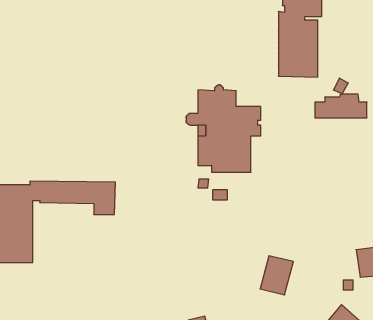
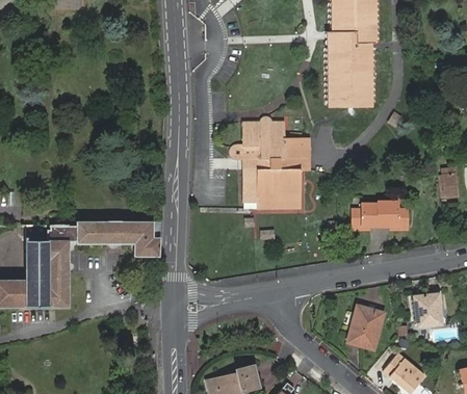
building: [315,94,367,118] -> [354,203,409,228]
building: [260,256,293,295] -> [346,304,382,345]

